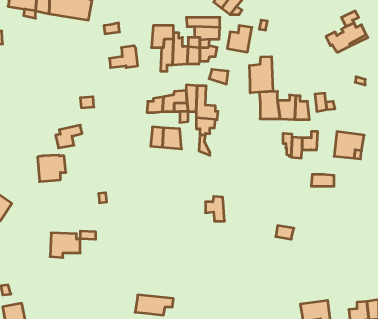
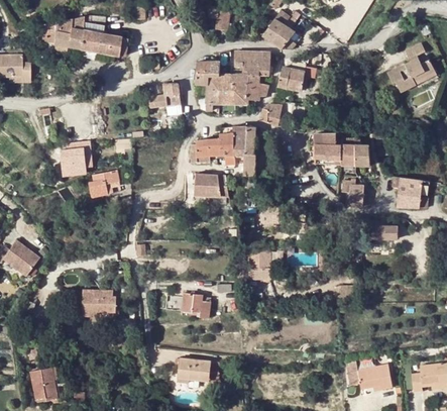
building: [250,57,273,93] -> none
building: [38,155,66,182] -> [62,146,93,176]
building: none -> [165,294,211,318]

